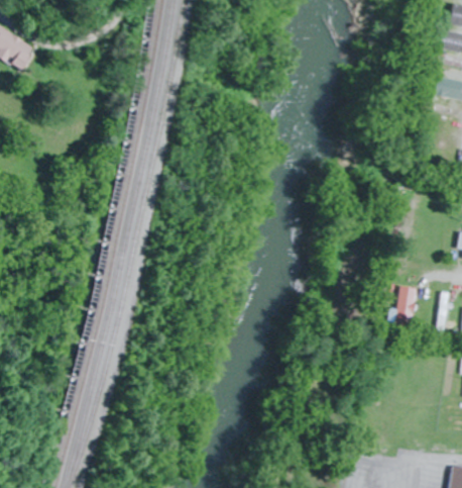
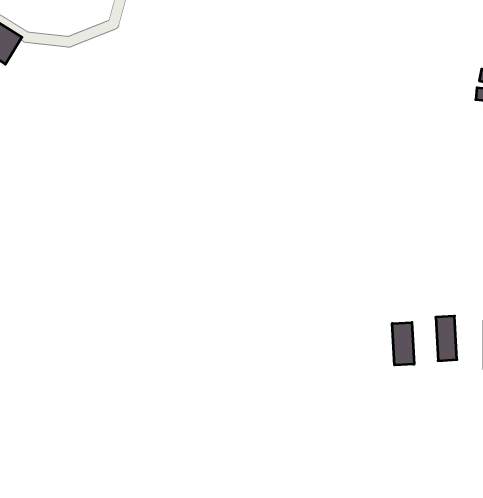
building: none -> [392,322,414,365]

